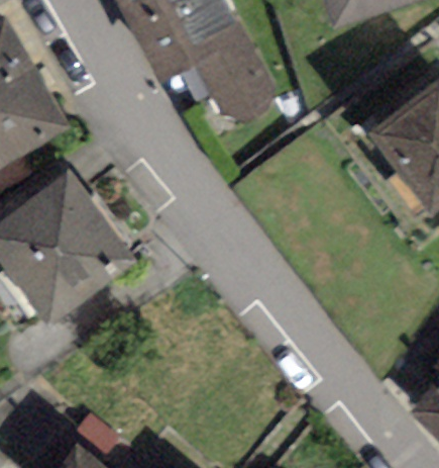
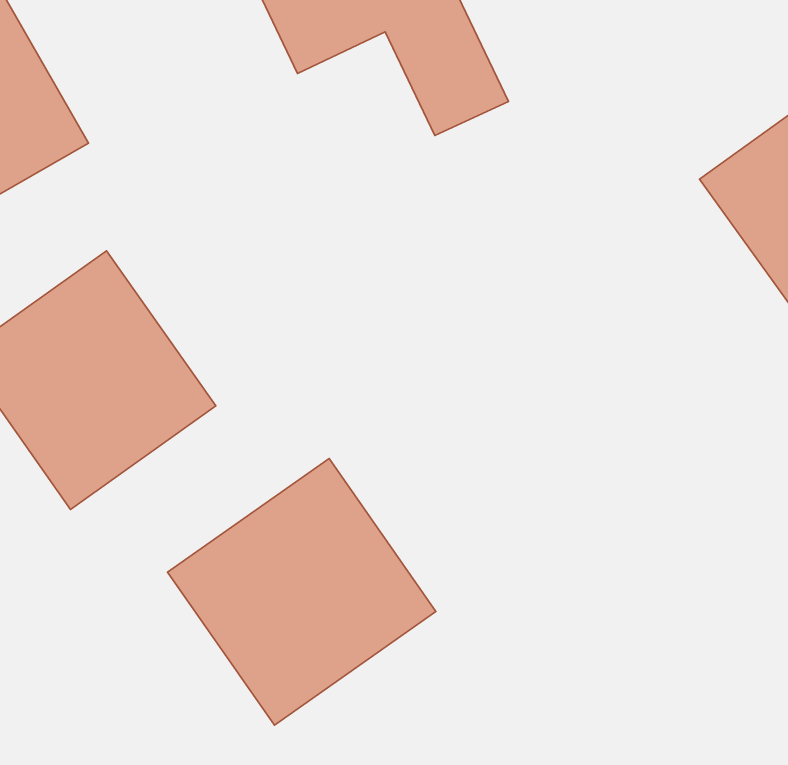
building: none -> [168,458,436,725]

